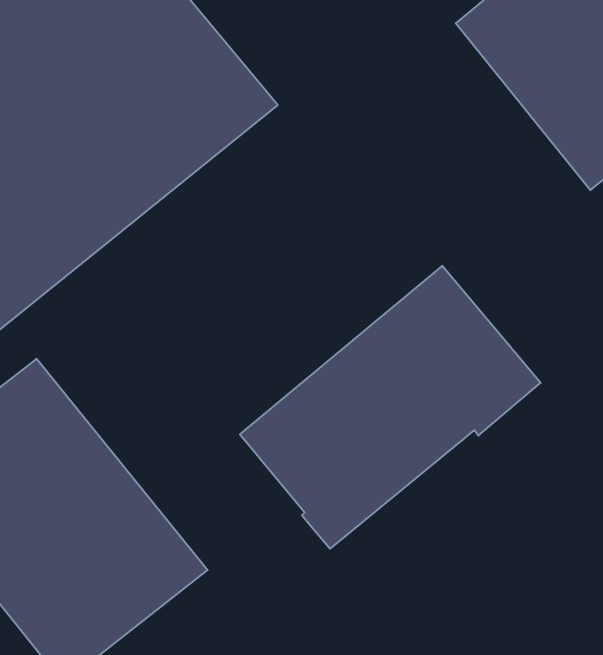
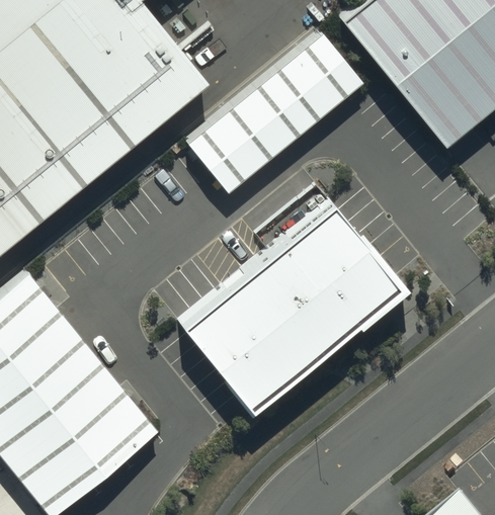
building: none -> [187,33,362,192]

